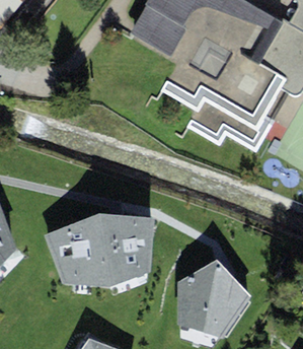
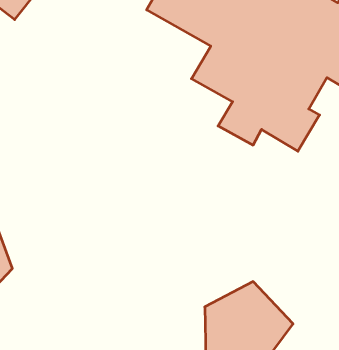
building: [43,214,153,287] -> none

